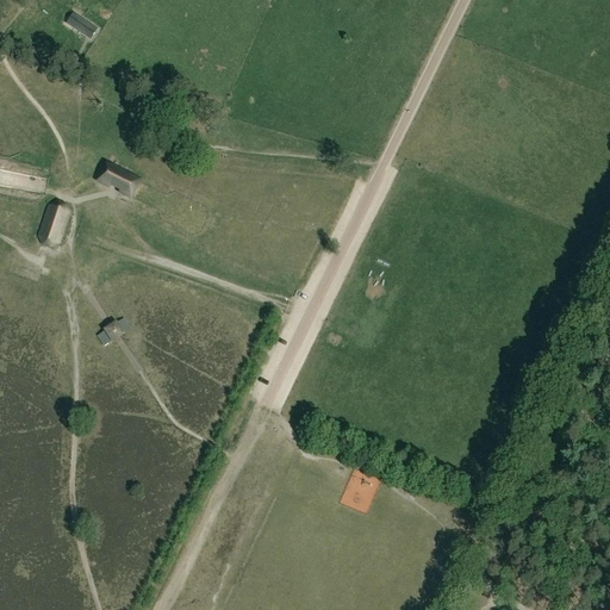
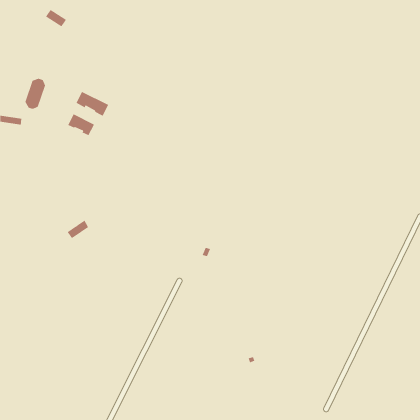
building: none -> [76,91,109,117]
building: [37,201,68,247] -> [25,78,46,109]

